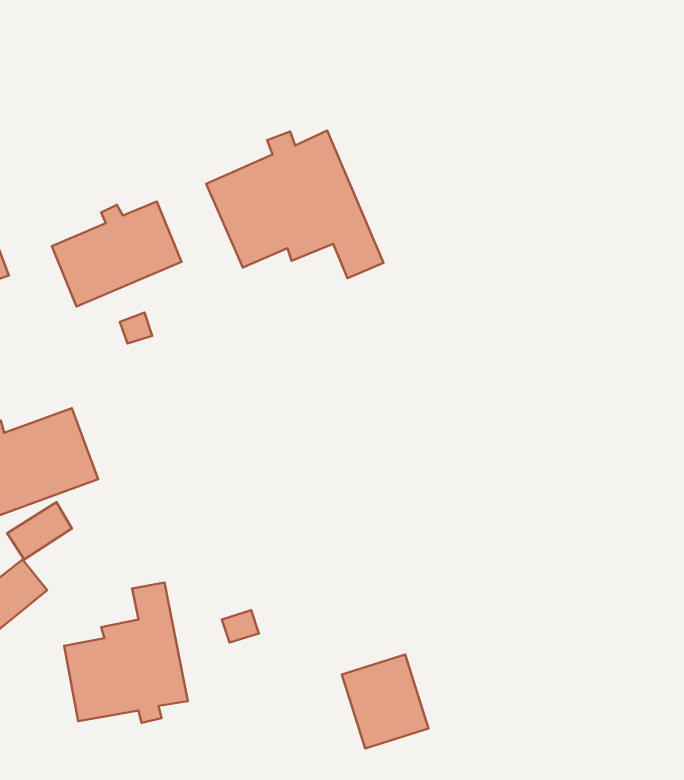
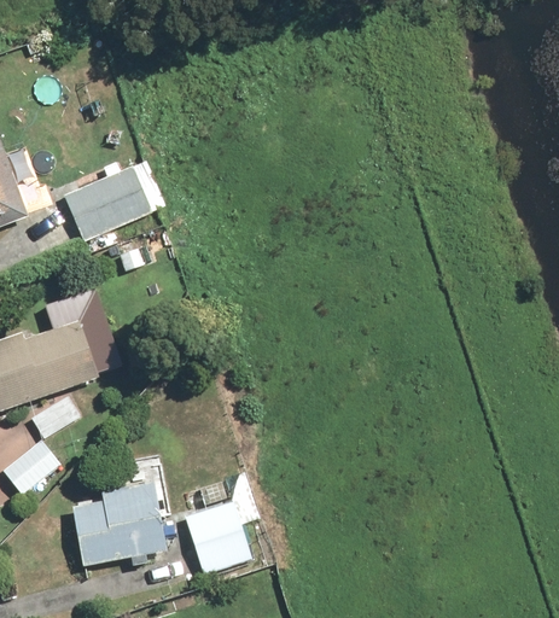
building: [206,131,384,278] -> none
building: [342,654,428,748] -> [184,500,251,573]

